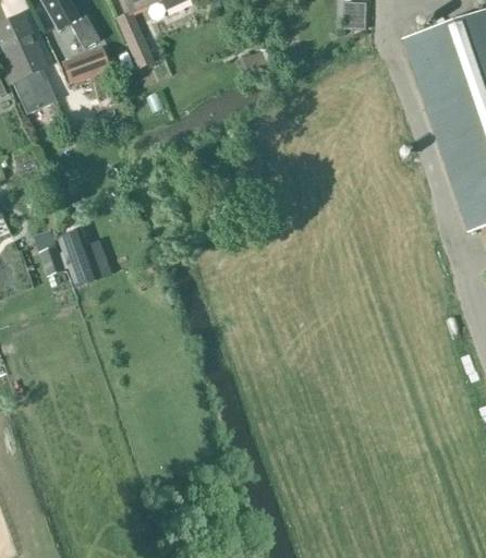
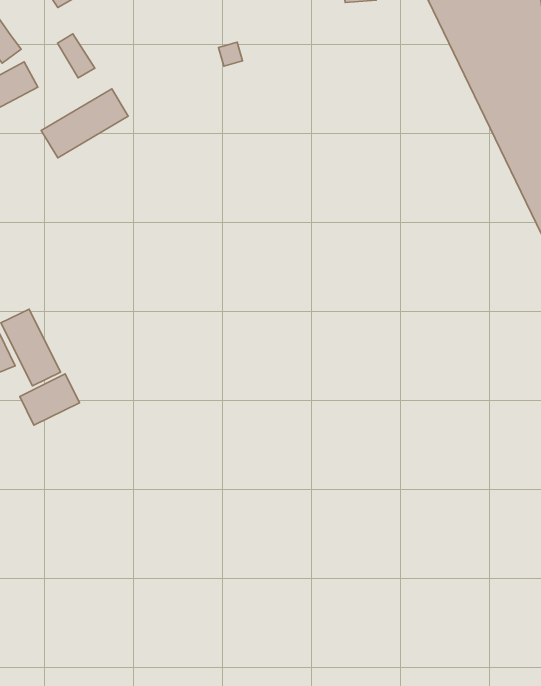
building: none -> [41,89,128,158]
building: none -> [20,374,79,425]

